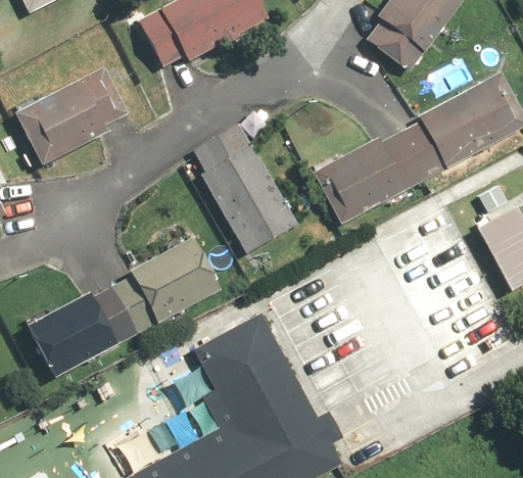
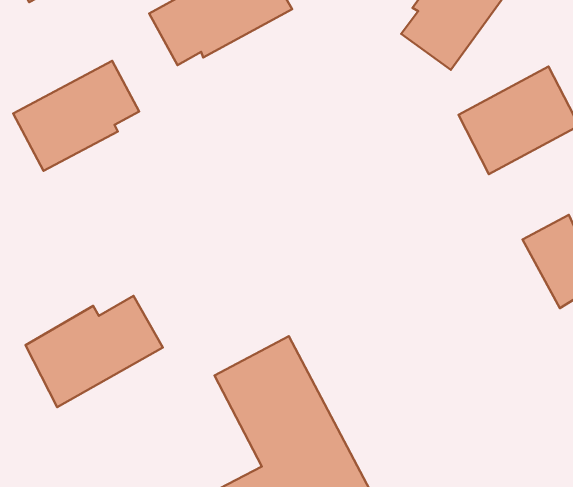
building: [192,123,297,253] -> none
building: [311,123,440,223] -> none
building: [128,236,221,323] -> none

